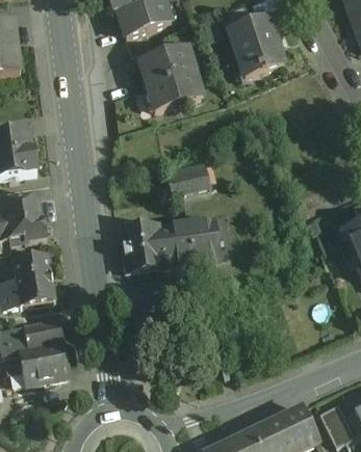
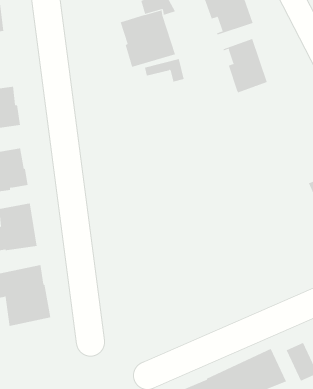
building: none -> [223,38,268,93]
building: [166,162,209,187] -> [144,59,185,82]
building: [122,218,217,270] -> none

